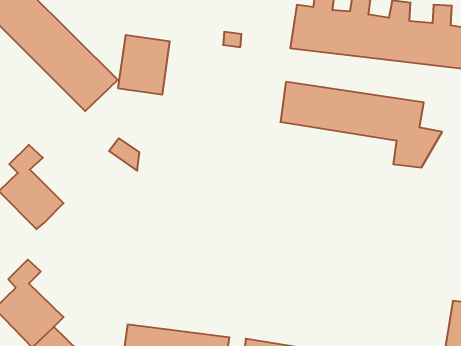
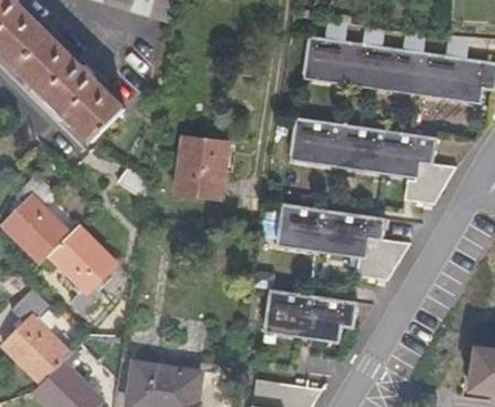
building: [118,35,170,95] -> [174,141,228,202]
building: none -> [279,201,410,278]
building: none -> [49,227,115,315]
building: none -> [265,286,358,339]

